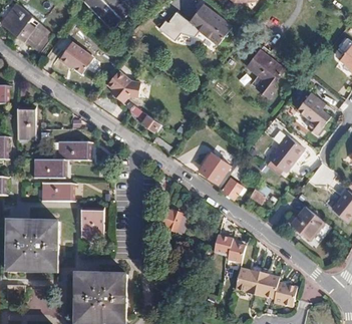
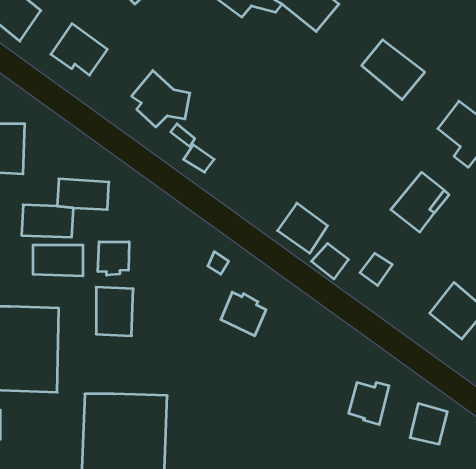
building: none -> [98,242,129,275]
building: [217,233,250,265] -> none
building: [259,268,284,295] -> none

